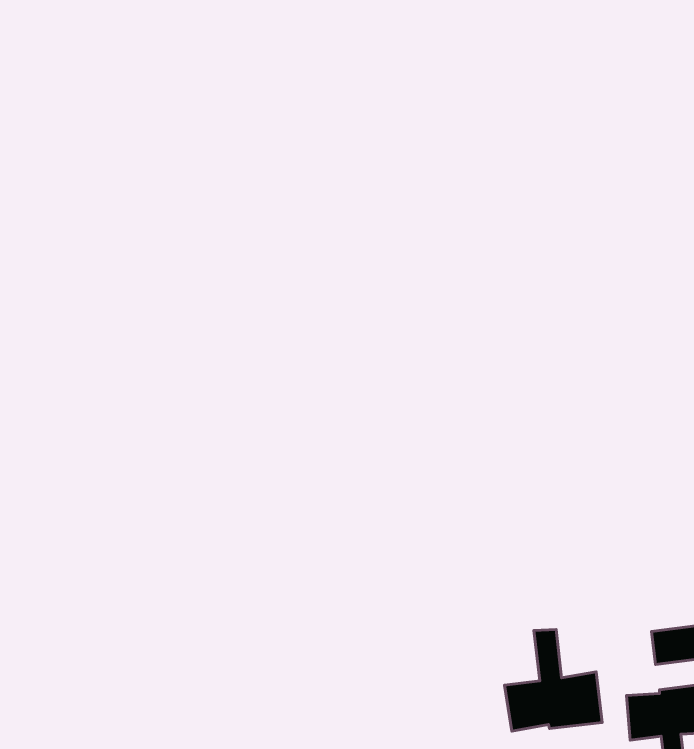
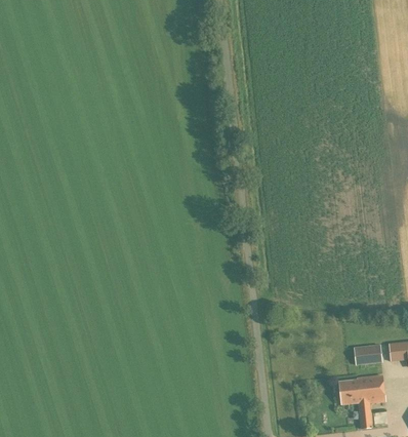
building: [505,629,602,731] -> none

